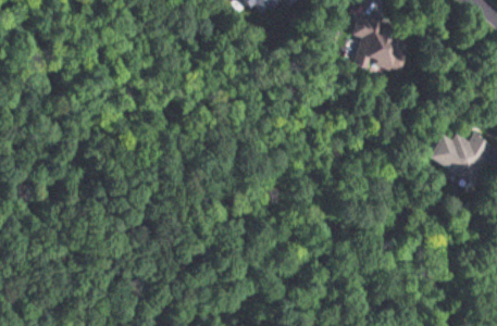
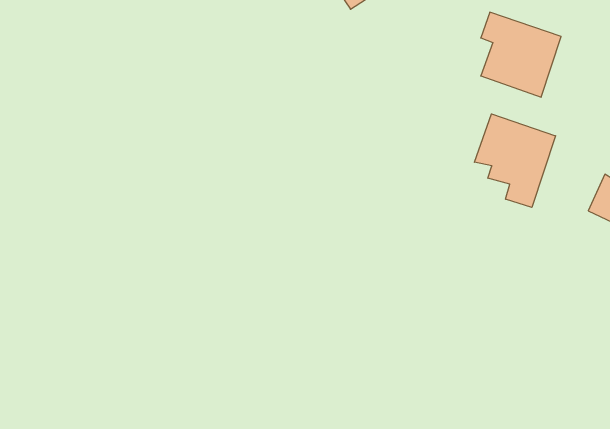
building: none -> [474,114,556,207]

